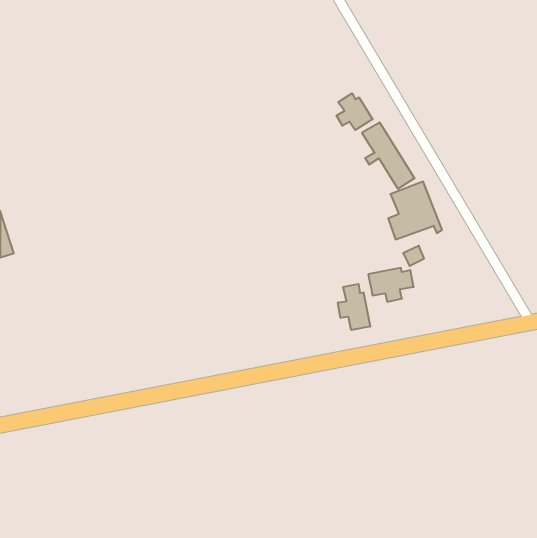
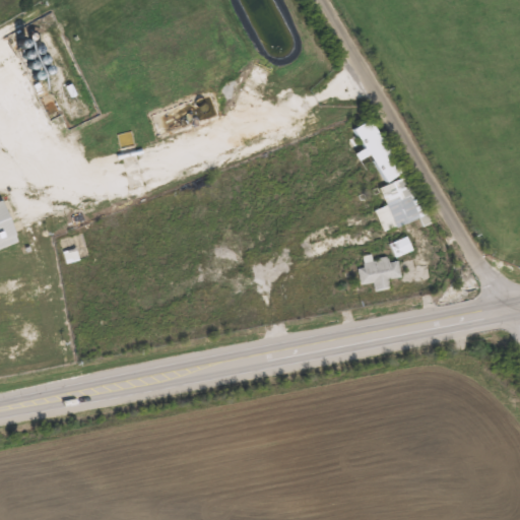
building: [336,93,373,130] -> none
building: [338,284,370,330] -> none

